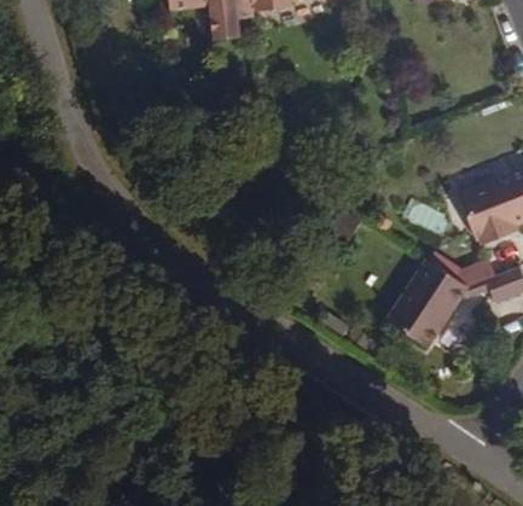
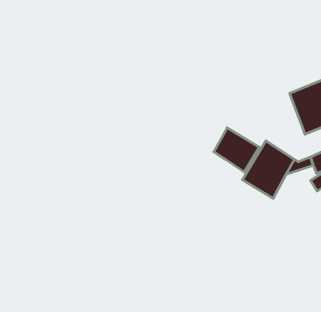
building: none -> [214,128,259,172]

